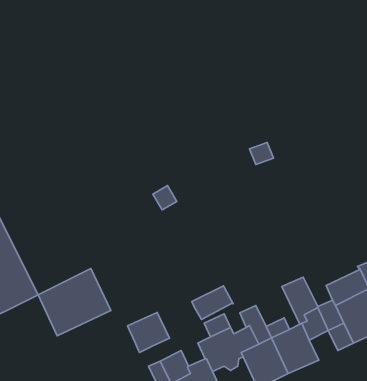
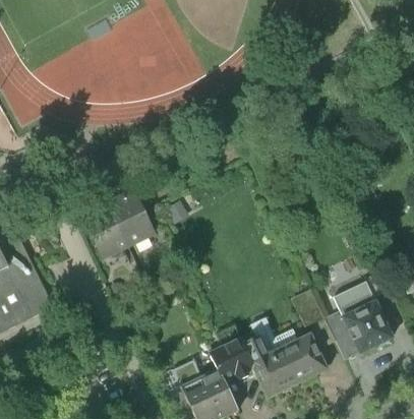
building: [38,269,111,336] -> [82,192,153,257]
building: [192,286,233,320] -> none
building: [128,312,170,352] -> none

